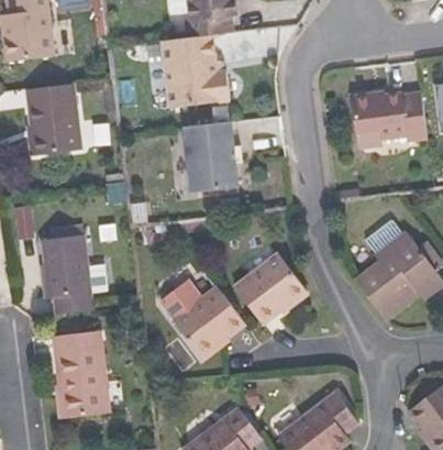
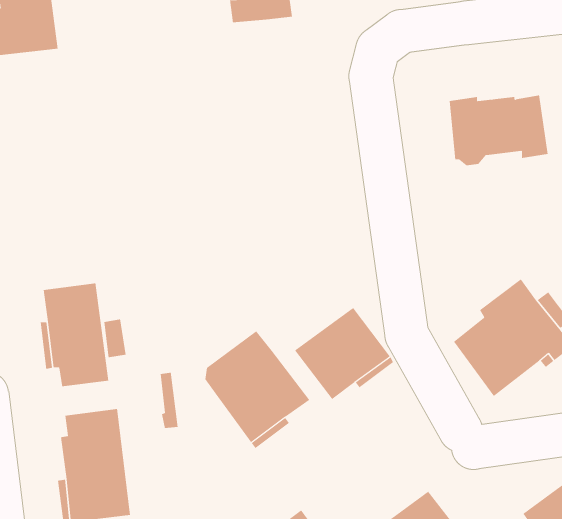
building: [160,34,229,107] -> none
building: [25,83,81,154] -> none
building: [184,121,237,191] -> none

